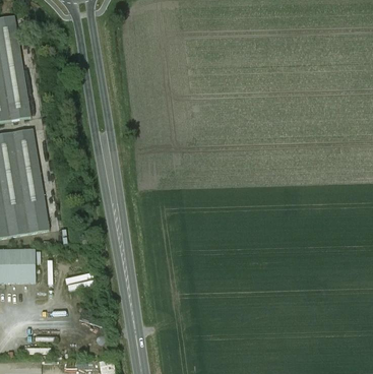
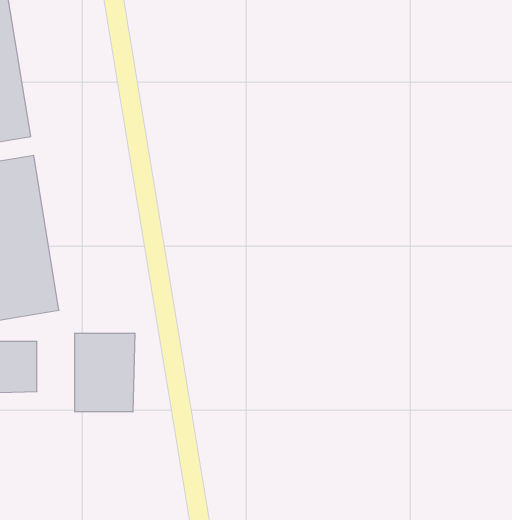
building: none -> [75,333,135,412]

